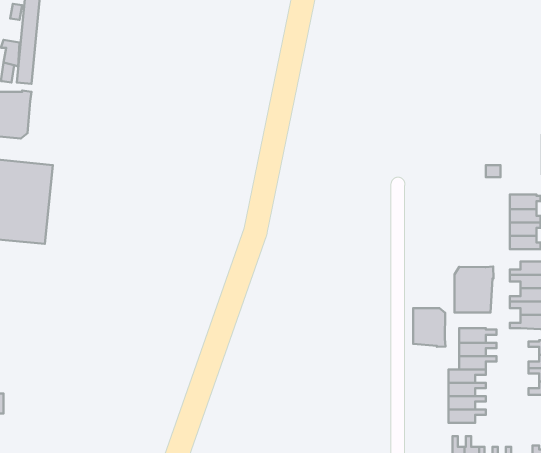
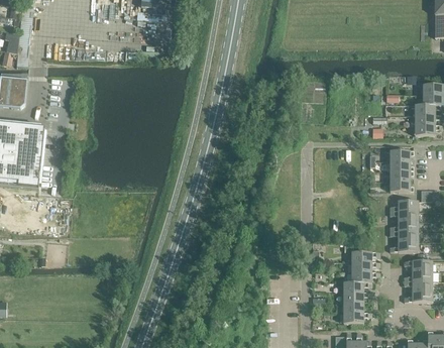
building: [454,266,494,313] -> none
building: [413,308,445,347] -> none

